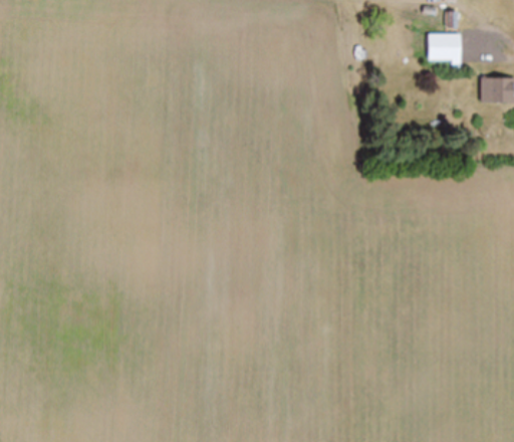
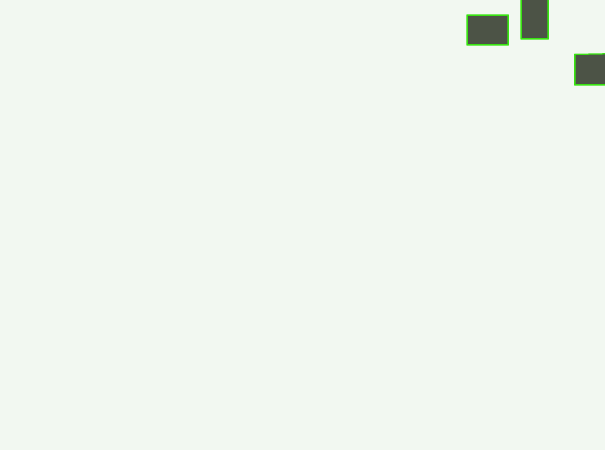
building: none -> [467,15,508,45]

